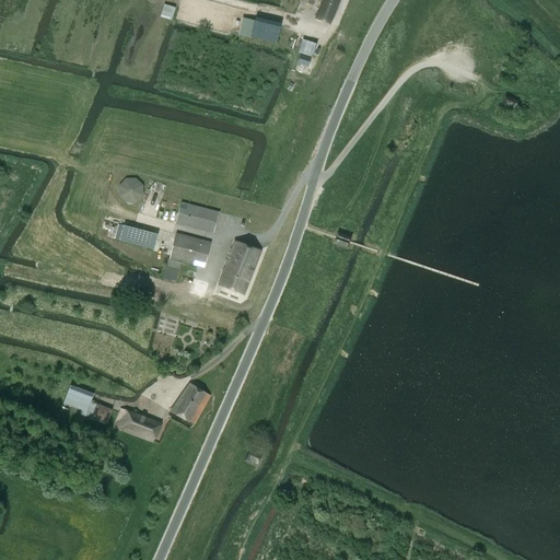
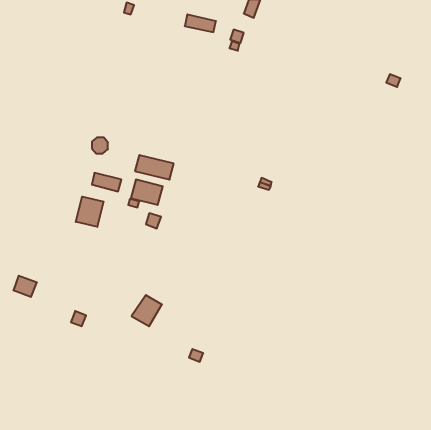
building: [219,240,260,293] -> none
building: none -> [76,197,104,227]
building: [63,384,94,411] -> [13,276,37,297]
building: [114,408,160,441] -> none

